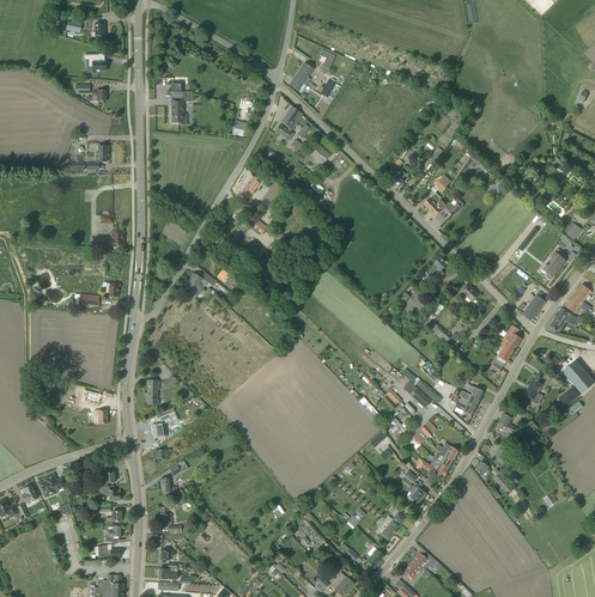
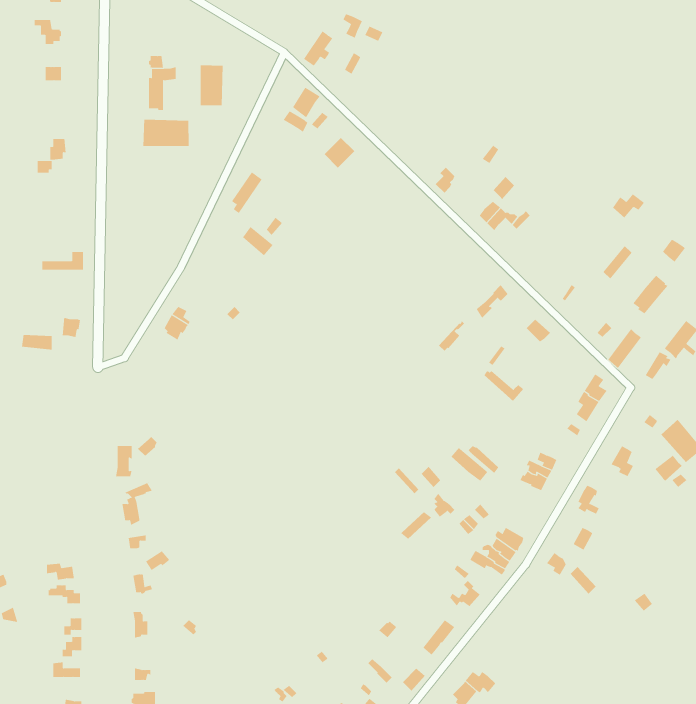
building: none -> [200,64,223,106]
building: none -> [143,119,189,147]

